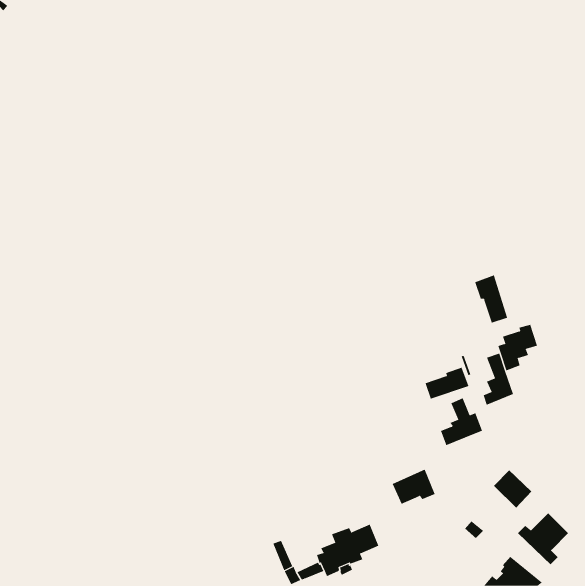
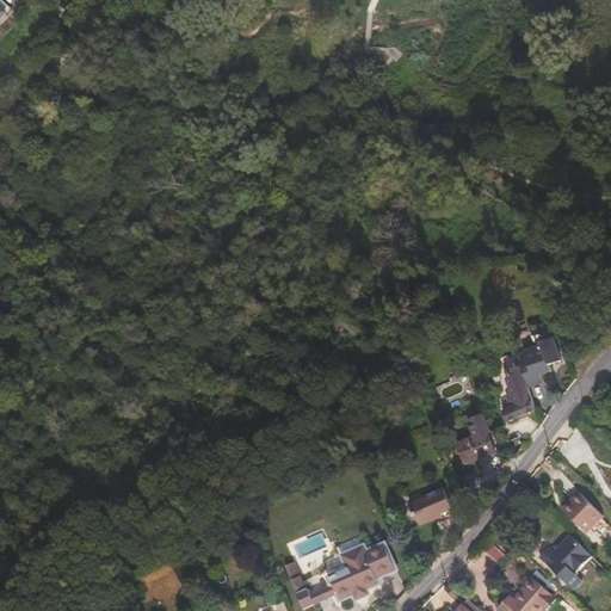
building: [474,274,508,323] -> none
building: [425,367,469,399] -> none
building: [493,470,532,509] -> [561,492,601,532]

